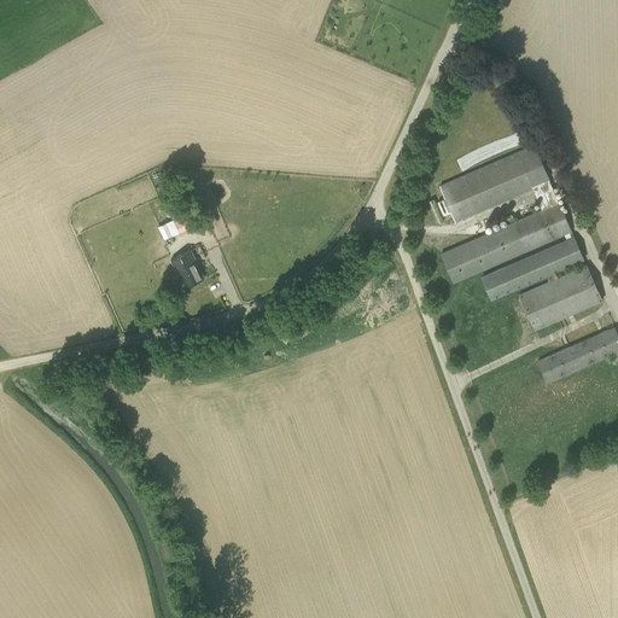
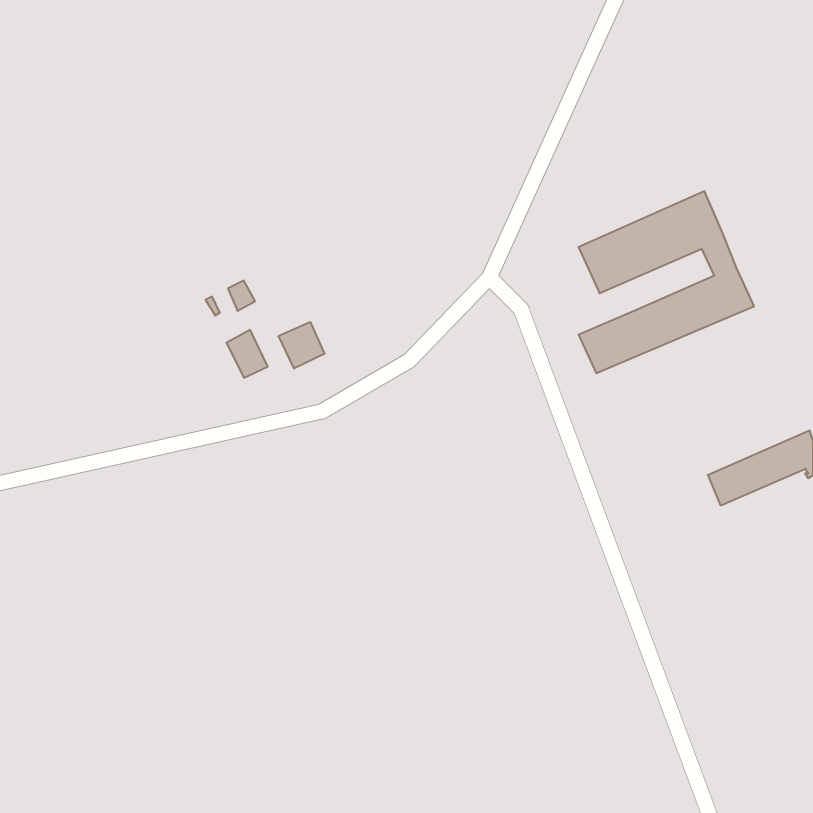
building: [479,238,601,331] -> none
building: none -> [279,322,324,369]

